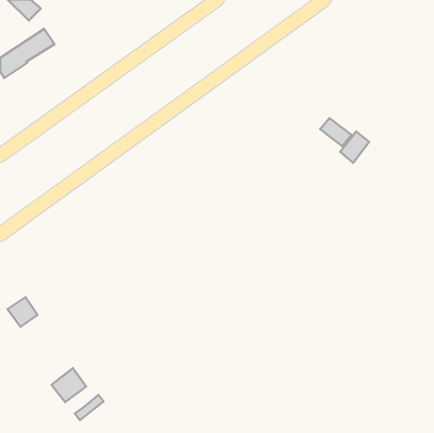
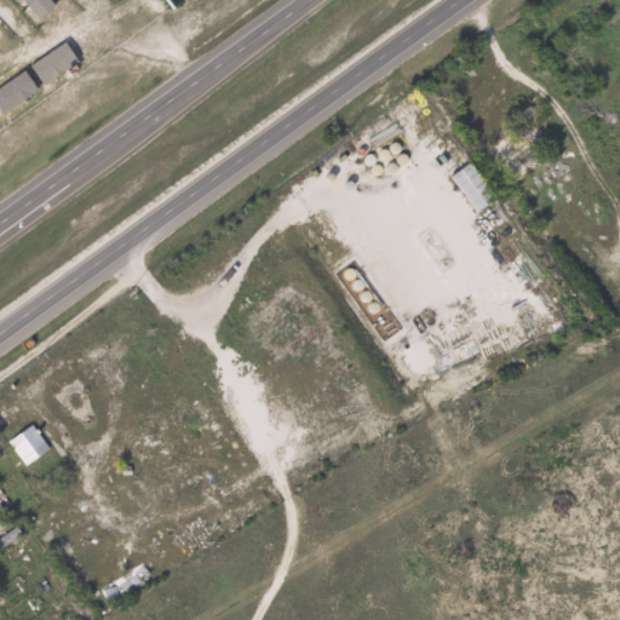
building: [340,132,369,163] -> none
building: [52,368,86,402] -> none

